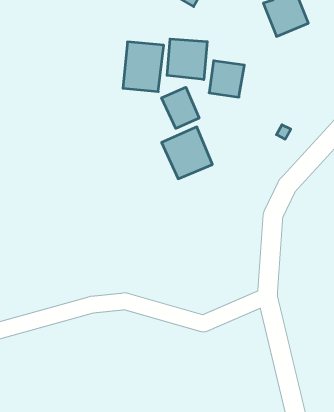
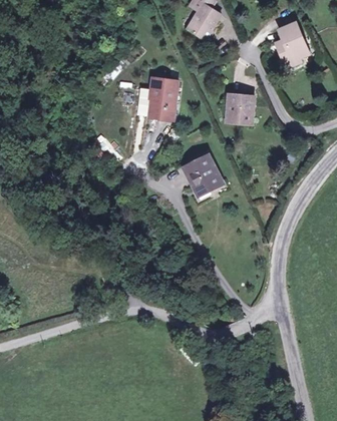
building: [167,39,207,80] -> none
building: [162,87,199,128] -> none

